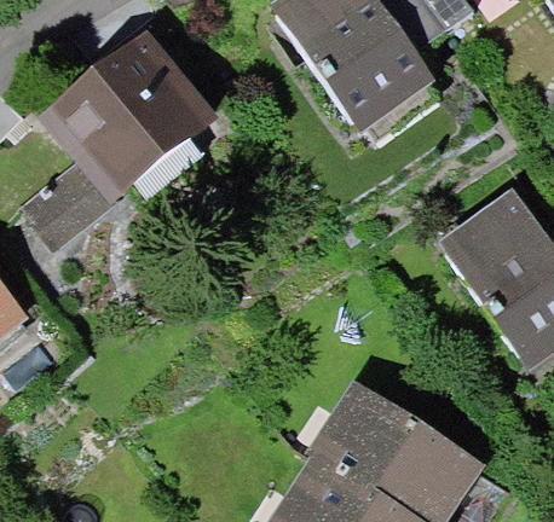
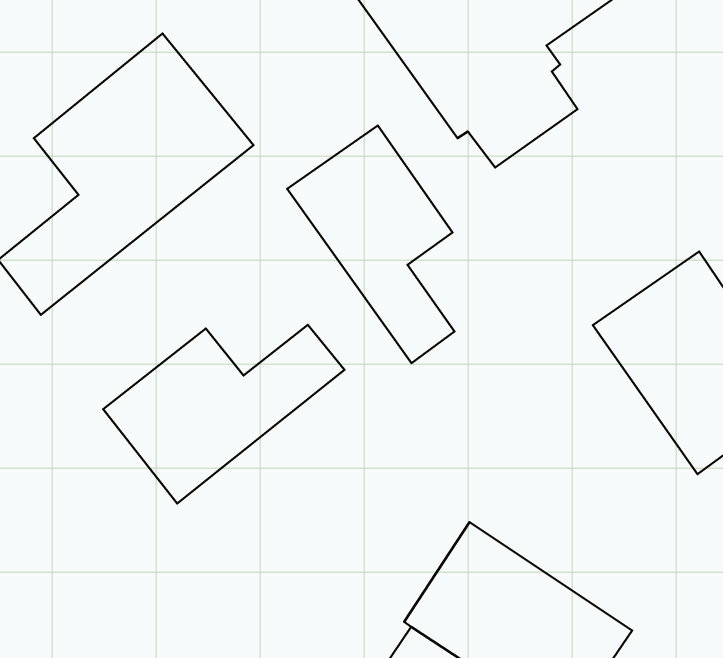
building: none -> [287,126,455,363]
building: none -> [103,325,344,503]

